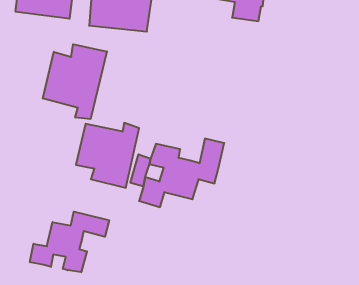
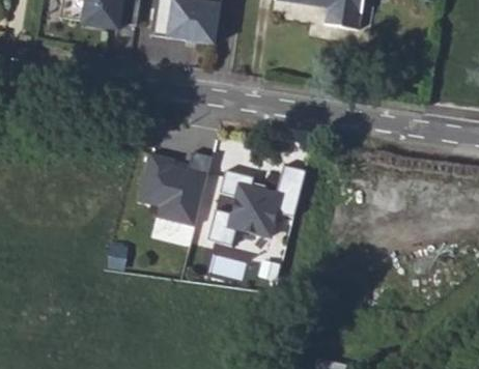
building: [43,44,107,119] -> none
building: [30,212,109,272] -> none

